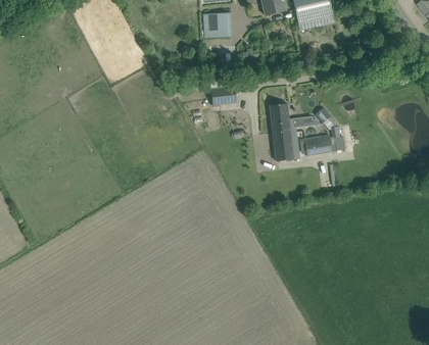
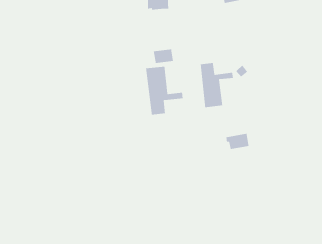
building: none -> [145,66,184,115]
building: [301,134,332,155] -> [225,133,250,150]

